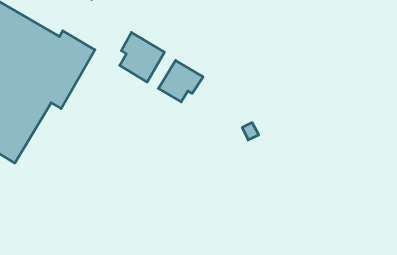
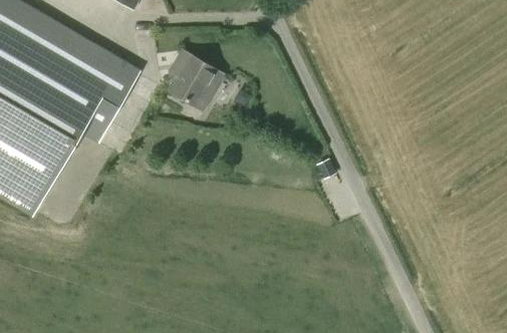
building: [158,60,203,102] -> none

